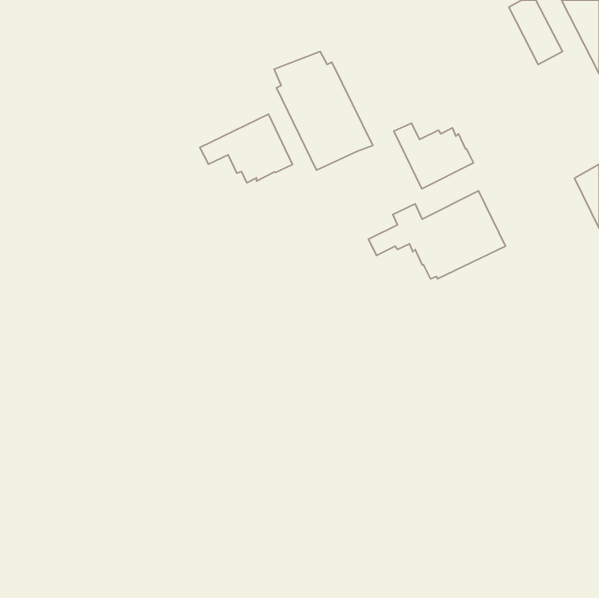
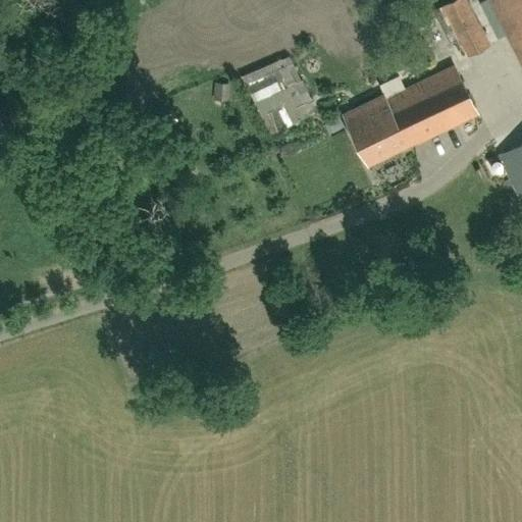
building: [200,114,292,183] -> none
building: [368,191,506,279] -> [358,66,477,143]

